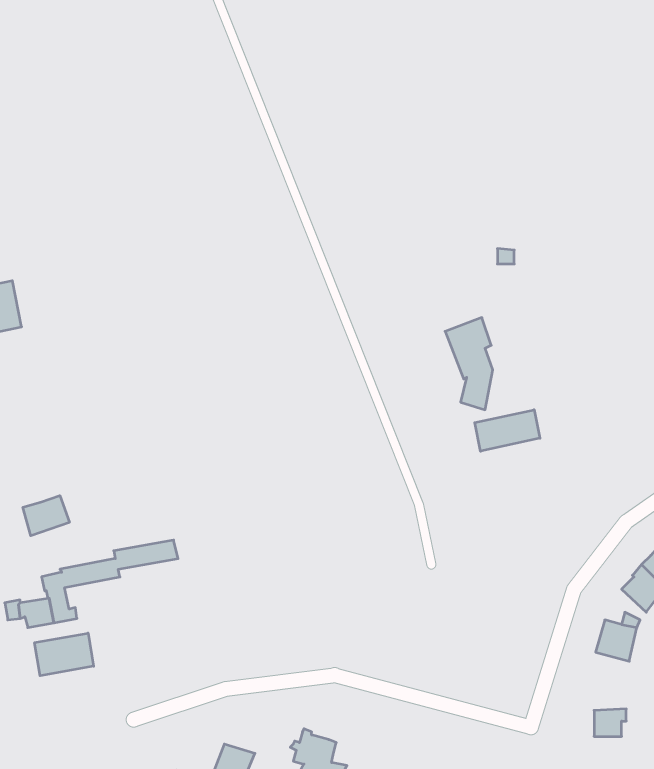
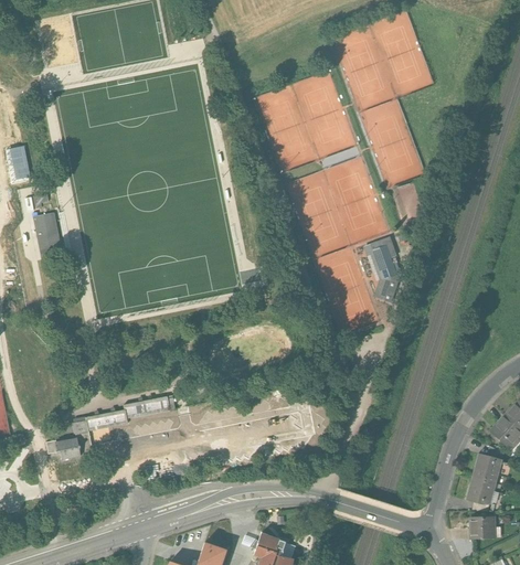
building: [475,410,540,451] -> none
building: [23,496,69,536] -> none
building: [35,633,94,676] -> none
building: none -> [466,478,496,505]

